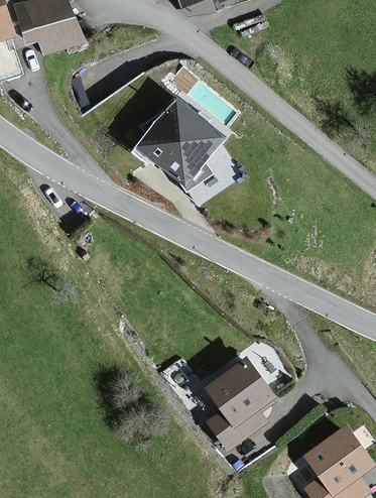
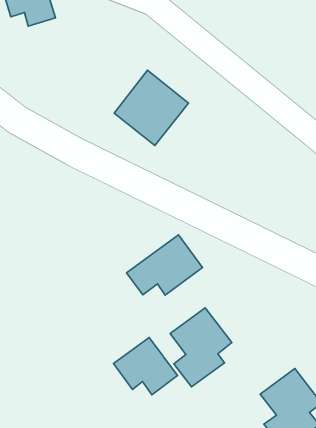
building: none -> [127,235,203,295]
building: none -> [113,337,177,395]

